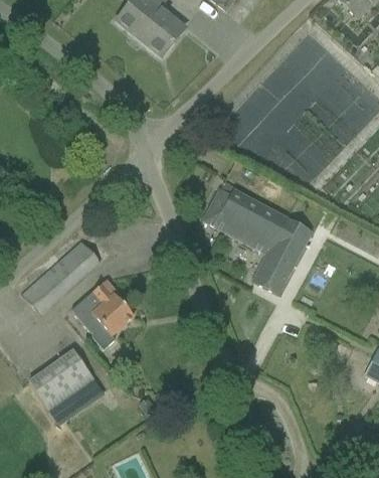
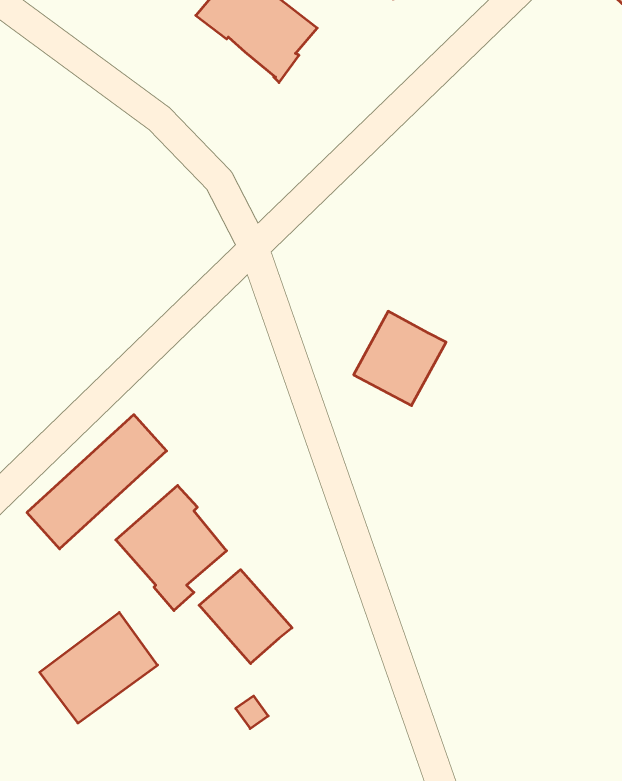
building: [236,200,312,294] -> none
building: none -> [199,570,292,664]

